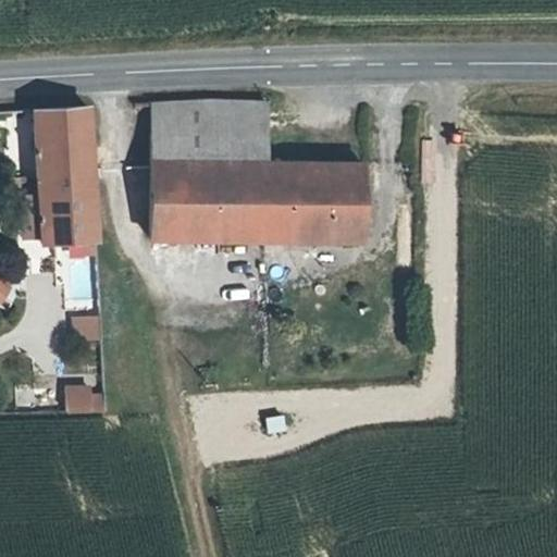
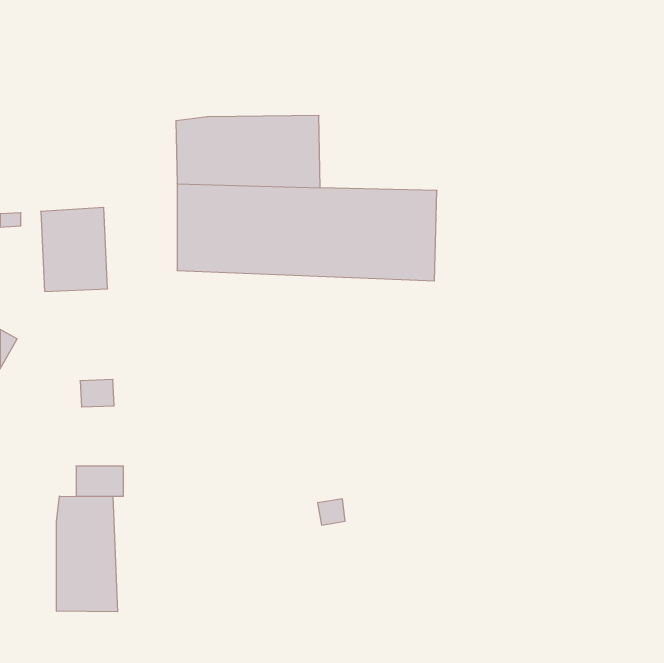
building: [36,111,91,182] -> none
building: none -> [57,496,118,612]

